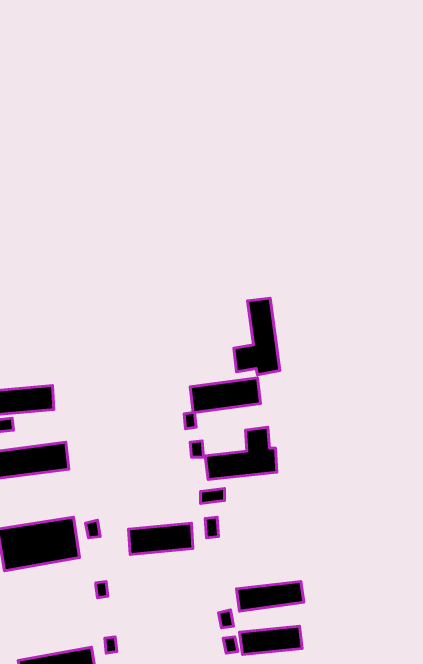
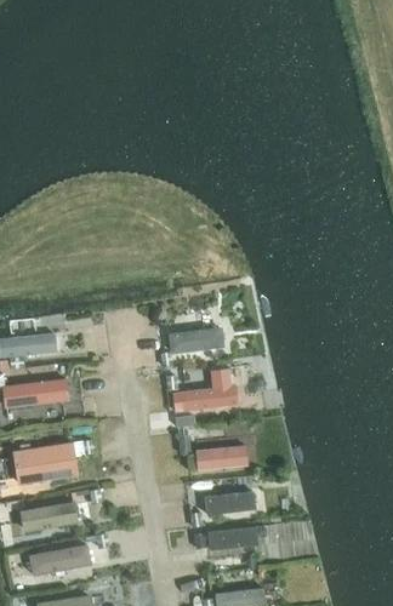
building: [234,298,280,375] -> none
building: [129,523,193,554] -> [195,445,247,470]
building: none -> [19,501,78,531]

